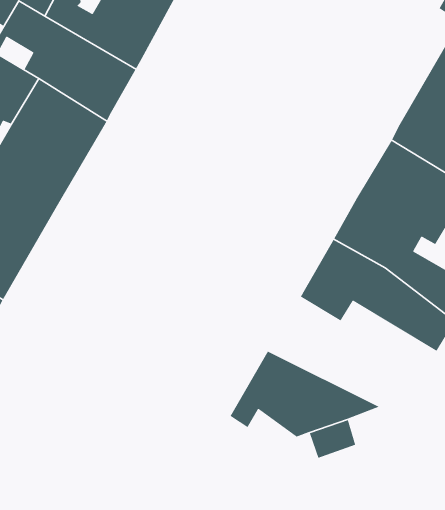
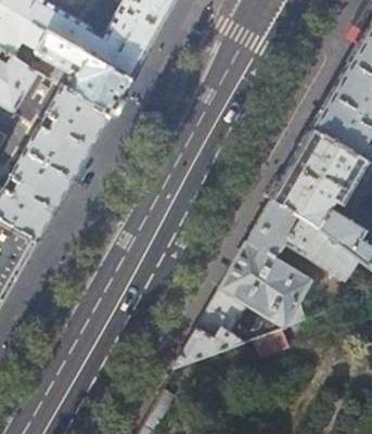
building: none -> [223,241,313,319]
building: none -> [172,321,244,367]

